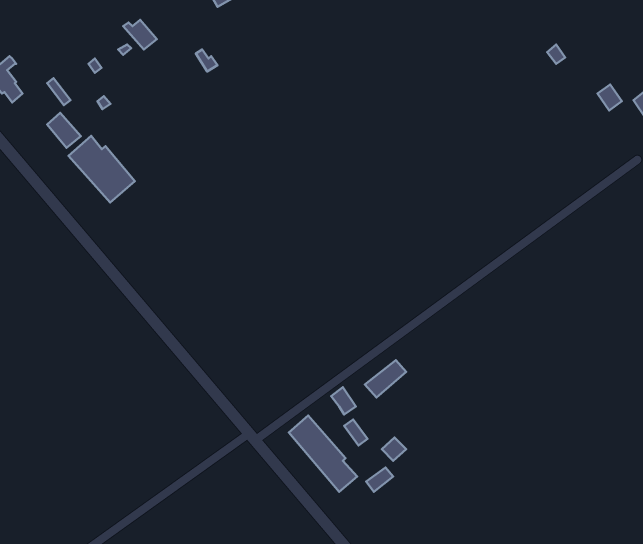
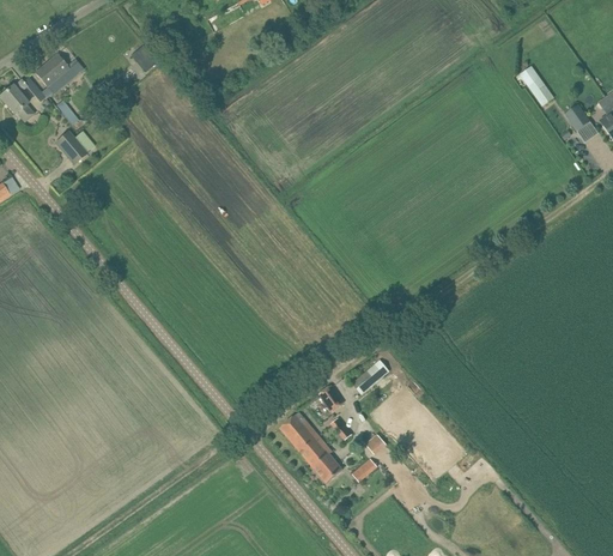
building: none -> [34,53,69,98]
building: [69,136,135,203] -> none

